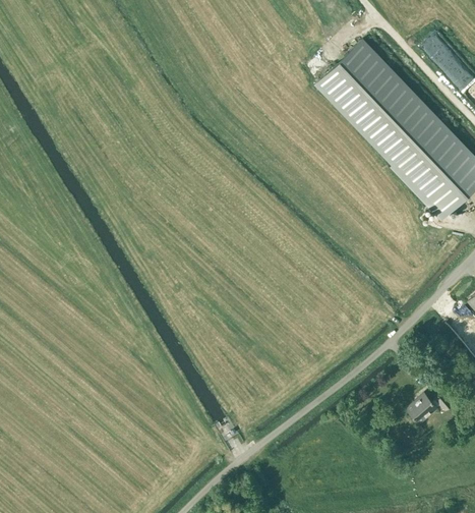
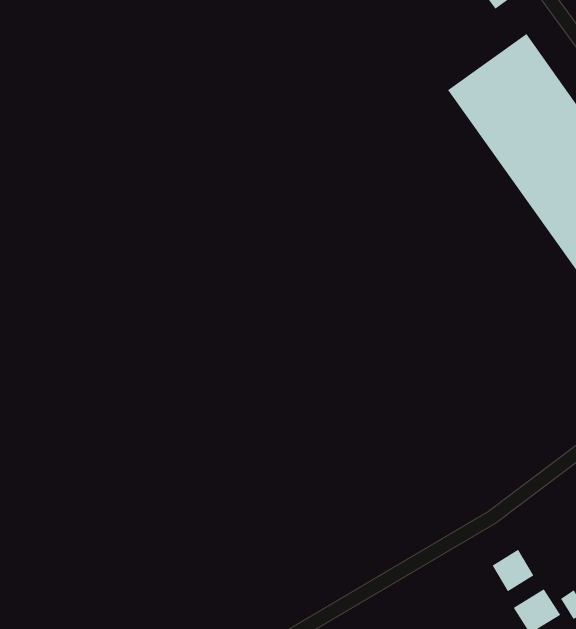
building: none -> [492,549,534,592]

